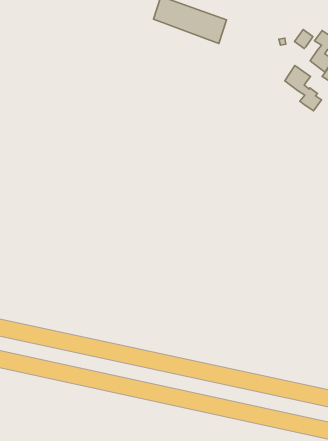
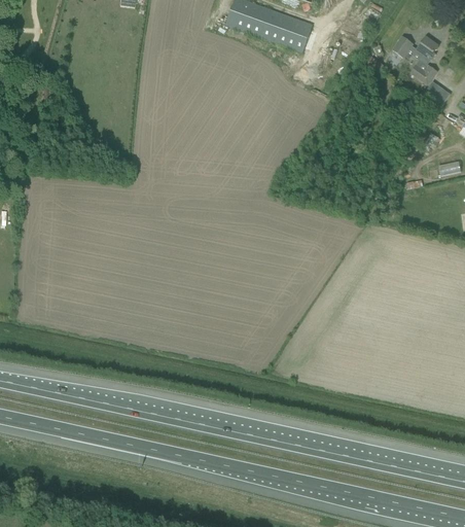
building: [285,65,322,111] -> none

